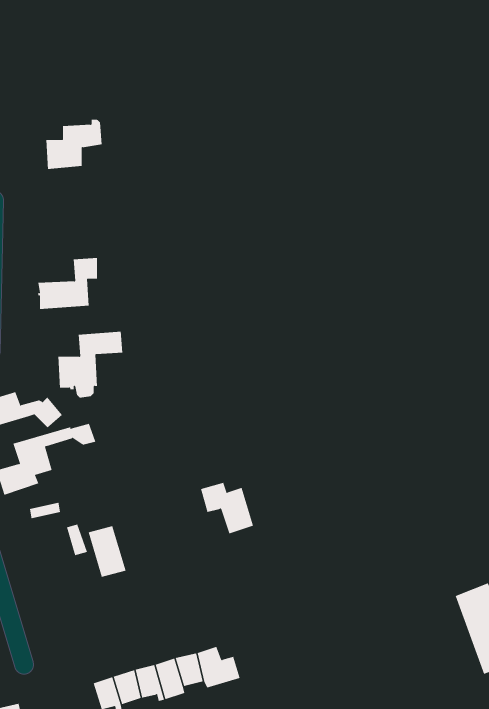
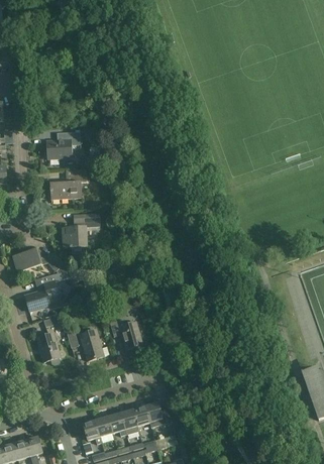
building: [45,119,102,170] -> [46,128,81,158]
building: [200,482,254,534] -> [109,318,141,349]
building: none -> [35,333,59,361]

